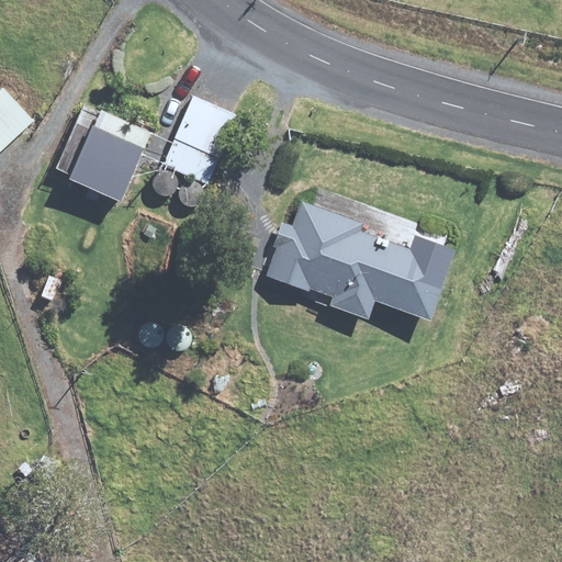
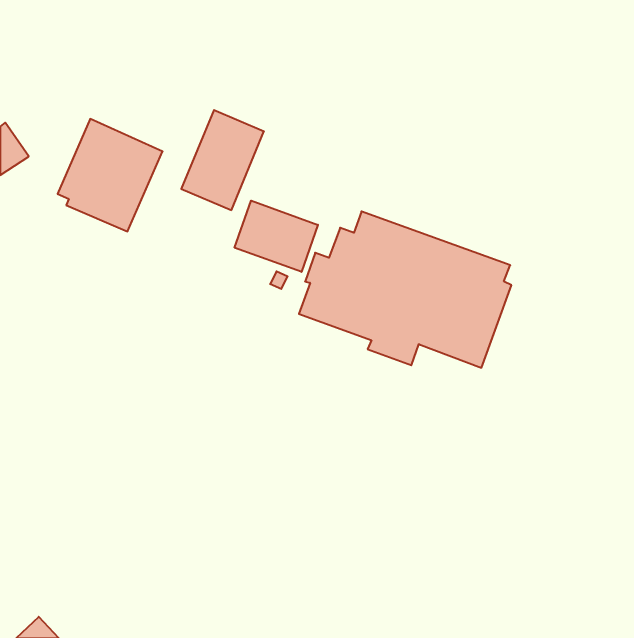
building: none -> [235,201,318,272]

